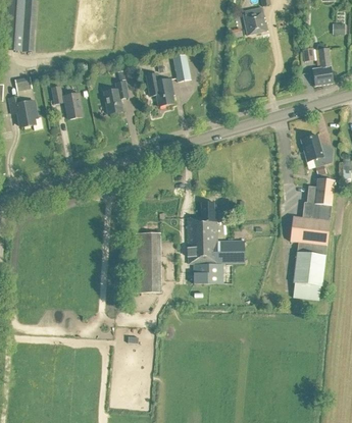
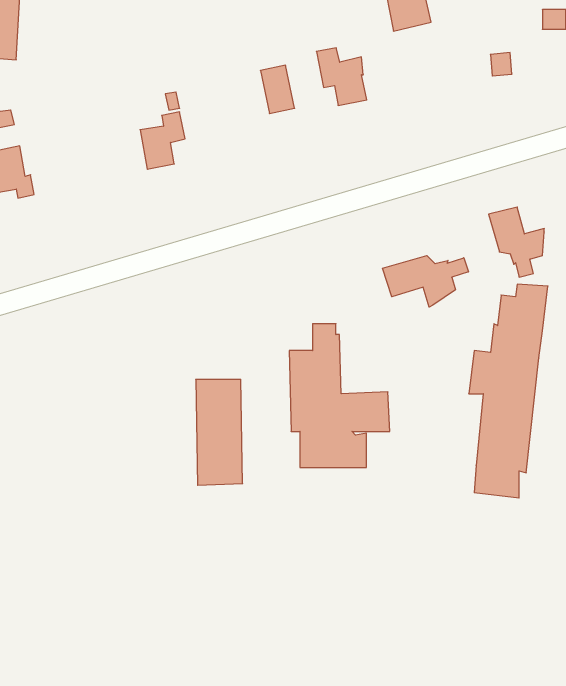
building: [312,47,333,85] -> none
building: [146,72,174,105] -> [316,48,367,105]
building: [52,86,84,118] -> none
building: none -> [382,256,468,307]

